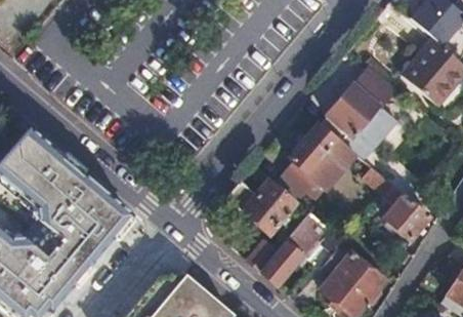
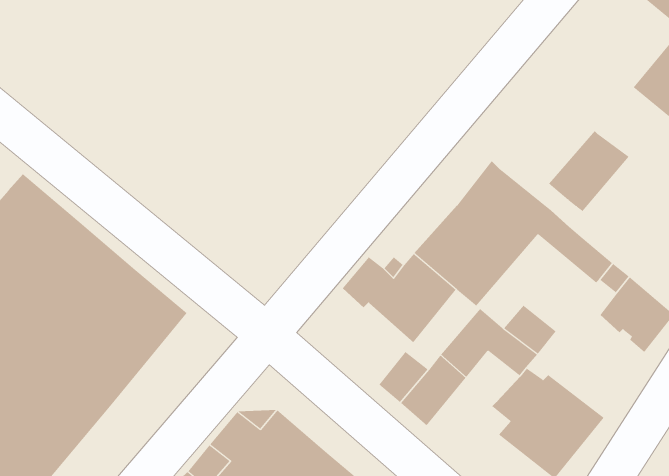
building: [323,67,396,162] -> none

